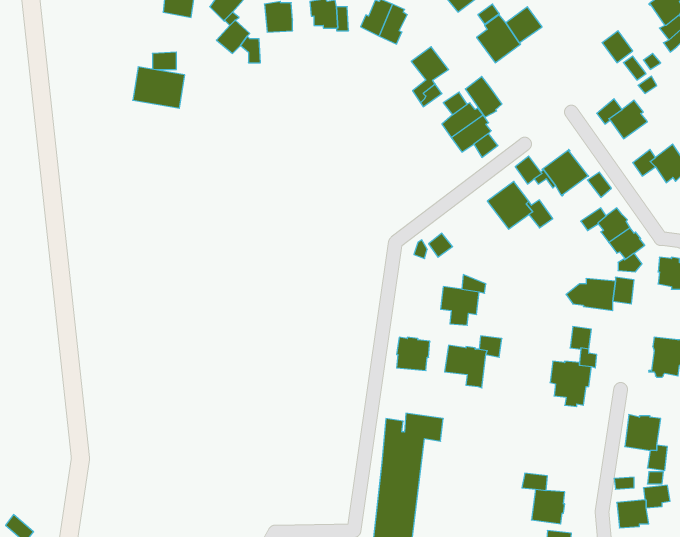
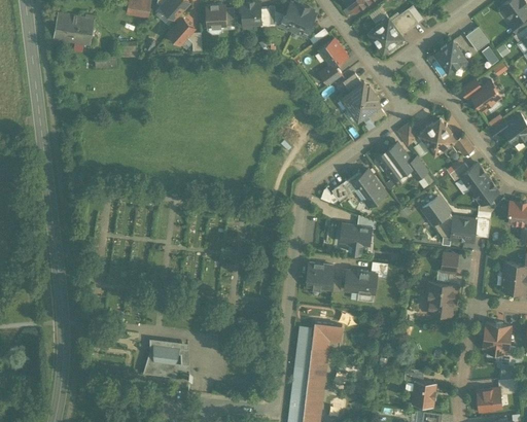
building: none -> [434,40,465,71]
building: [133,67,185,108] -> [54,12,94,44]
building: [465,76,502,117] -> none
building: none -> [351,169,385,206]
building: none -> [422,197,453,230]
building: none -> [143,339,181,377]

